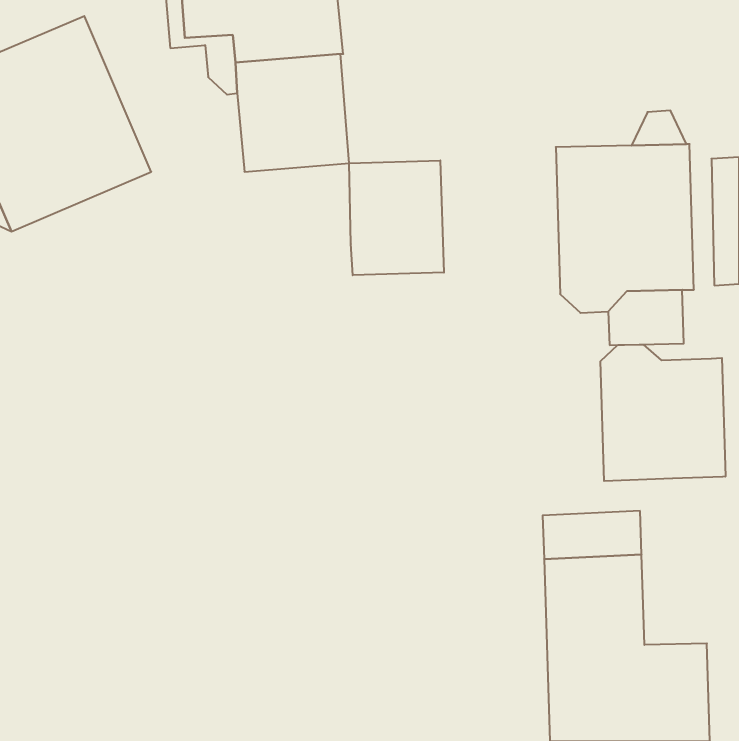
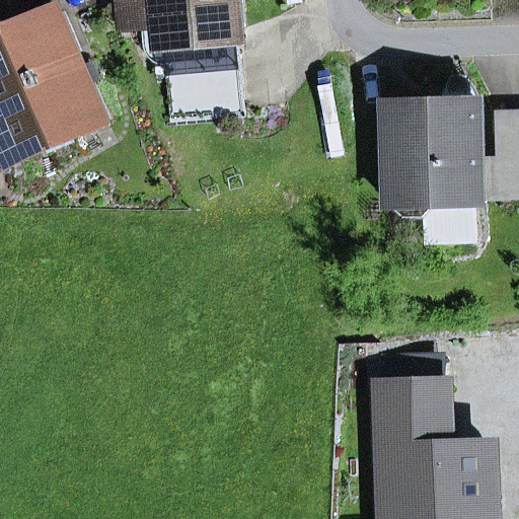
building: [349,160,444,275] -> none
building: [600,345,725,481] -> none

